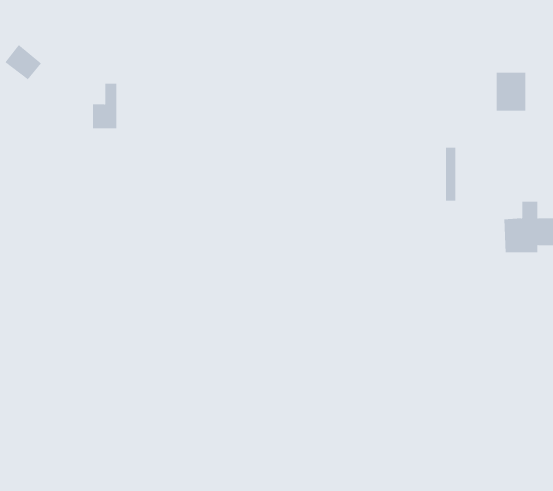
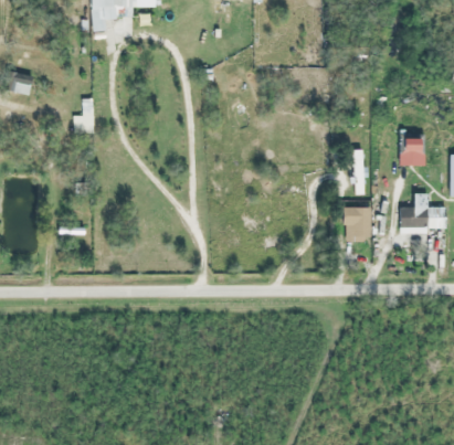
building: [496,72,526,111] -> [400,135,424,166]
building: none -> [345,208,372,241]

